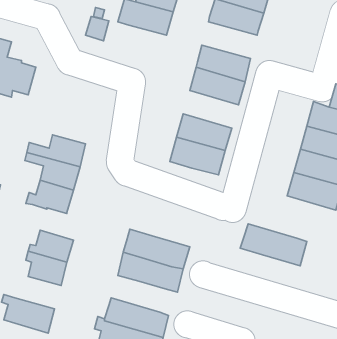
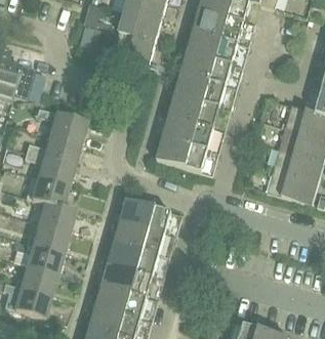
building: none -> [188,31,239,65]
building: none -> [114,34,155,66]
building: none -> [170,94,221,129]
building: none -> [36,108,86,143]
building: none -> [38,203,75,232]
building: [240,224,307,266] -> [121,200,182,239]
building: none -> [104,265,165,302]
building: none -> [14,266,57,296]

